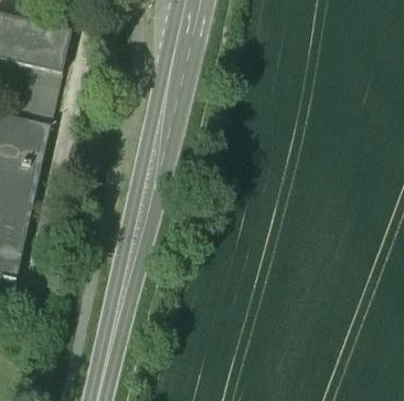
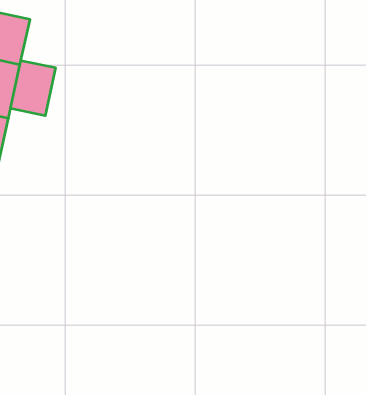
building: none -> [11,61,55,116]

